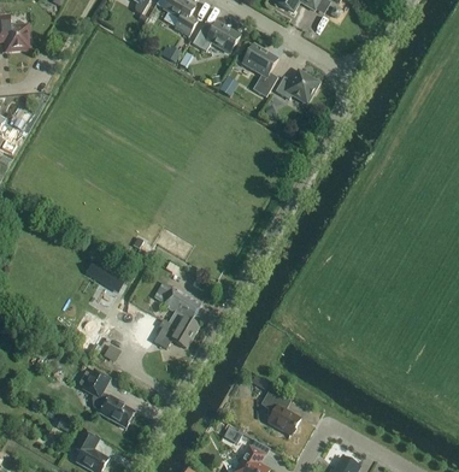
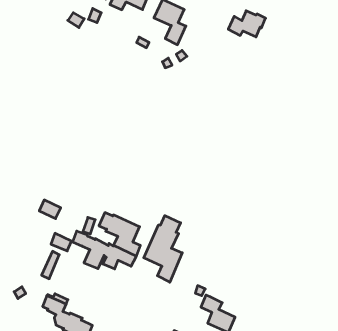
building: [276,70,320,101] -> [228,11,266,37]
building: none -> [144,216,182,282]

